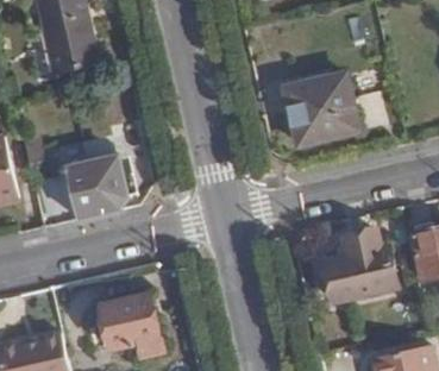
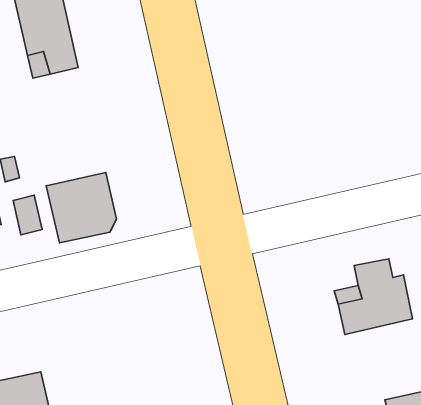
building: [283,75,356,145] -> none
building: [100,295,157,353] -> none

